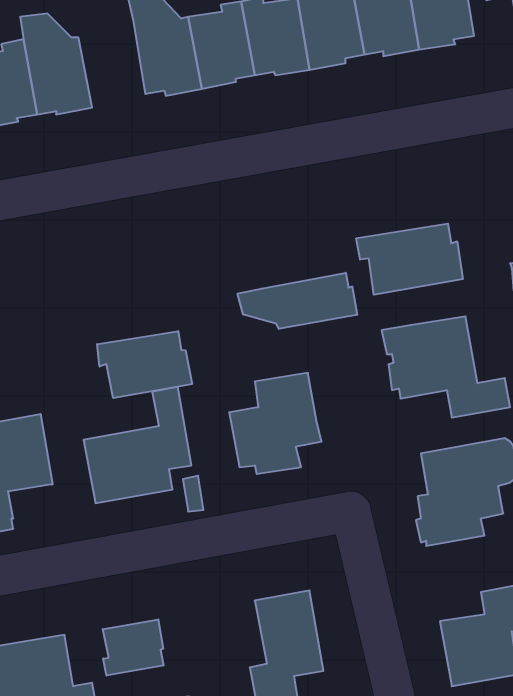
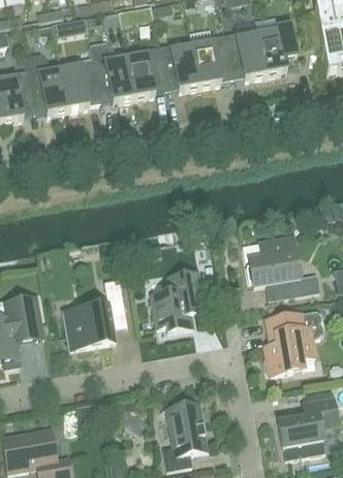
building: none -> [60,57,100,109]
building: [356,224,463,295] -> none
building: [238,273,357,329] -> none
building: [97,331,192,398] -> none
building: [103,619,163,676] -> none

